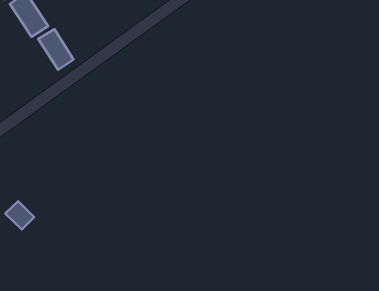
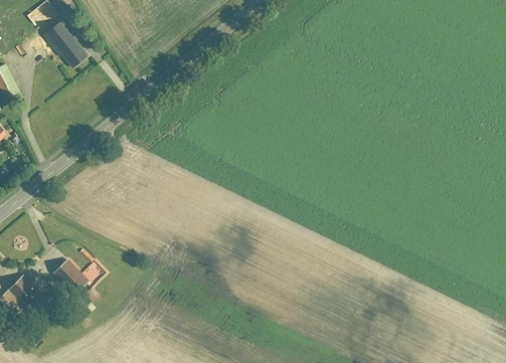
building: [38,29,74,70] -> none

